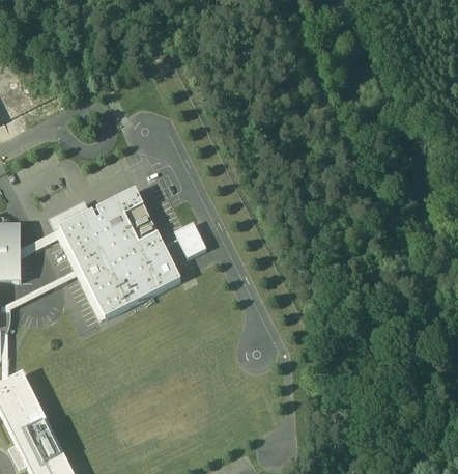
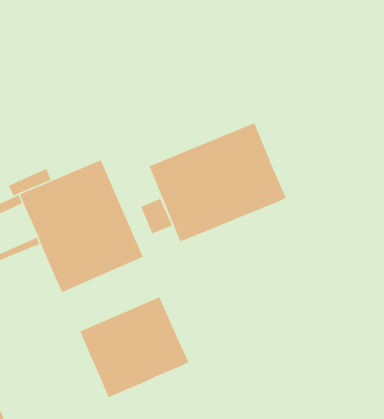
building: none -> [149,122,287,243]
building: none -> [79,296,189,398]

